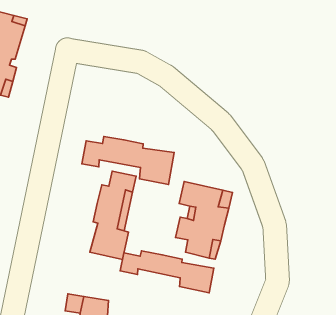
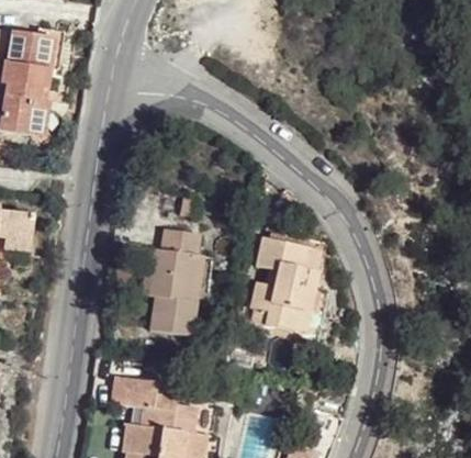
building: [82,137,174,184] -> none
building: [120,251,214,293] -> none

